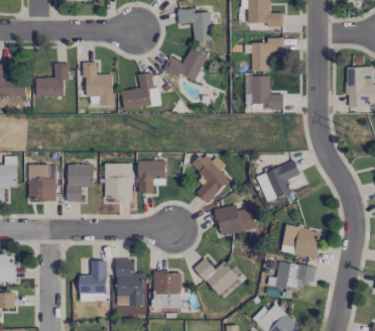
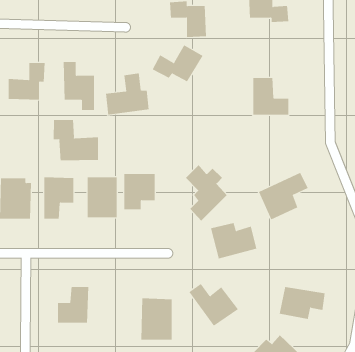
building: [251,37,283,71] -> none
building: none -> [53,119,99,161]
building: [281,226,320,256] -> none
building: [116,258,143,305] -> none

